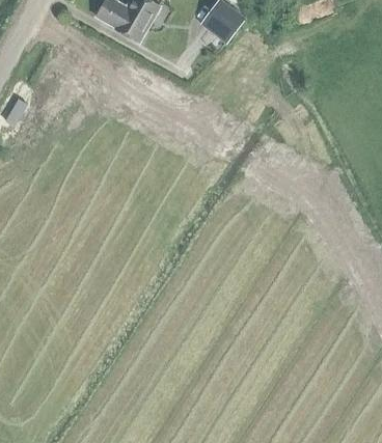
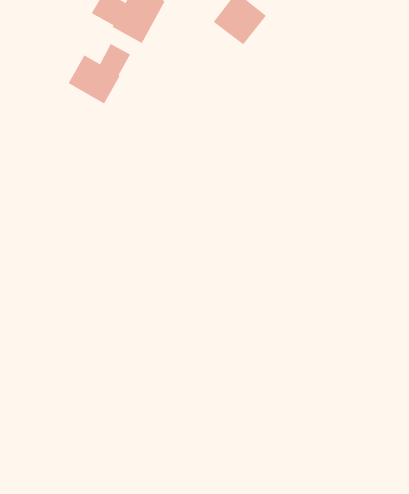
building: none -> [68,43,131,105]

